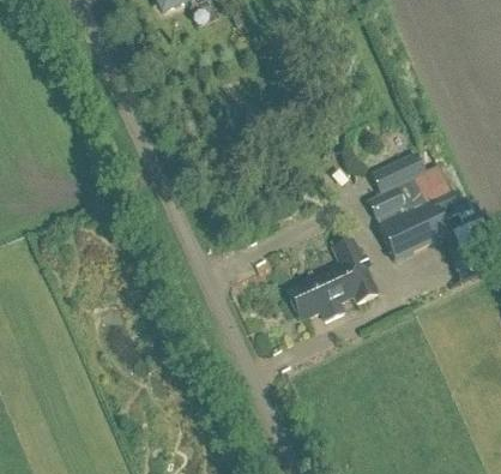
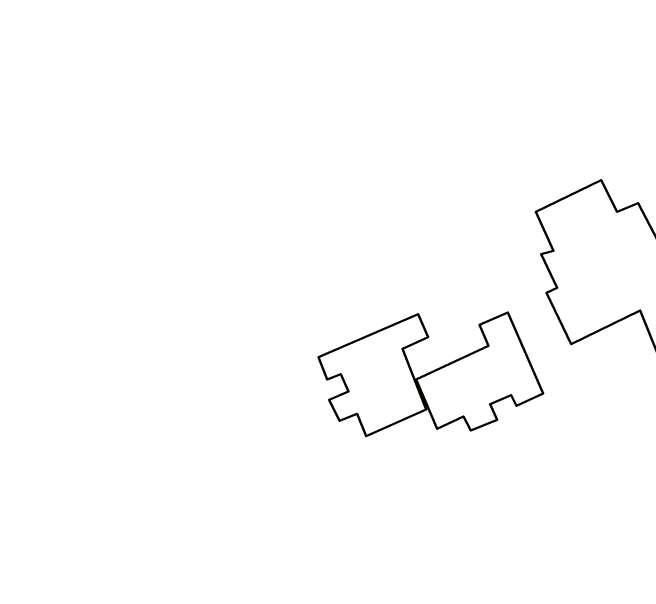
building: none -> [319,314,428,436]

